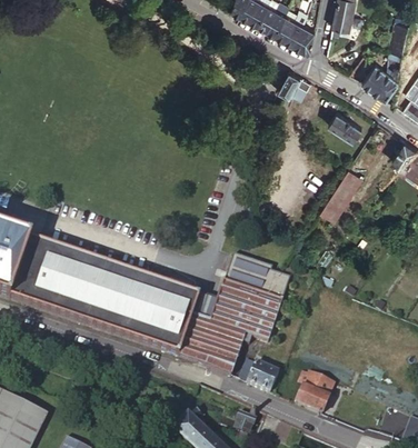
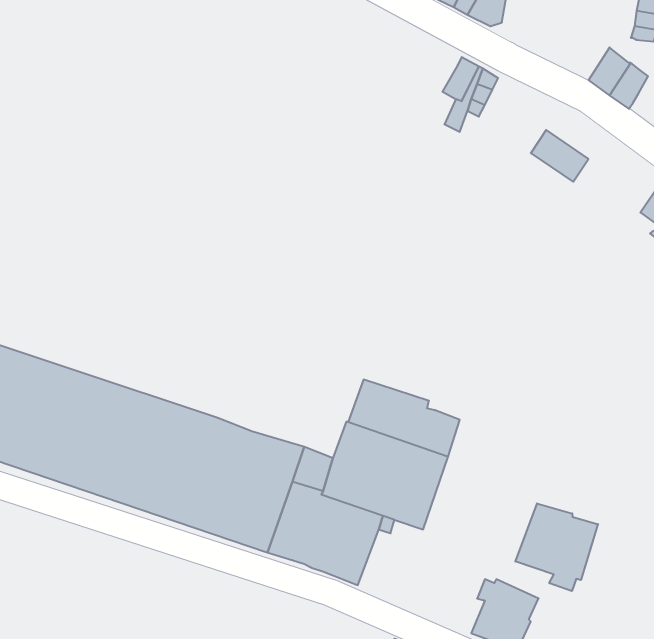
building: [320,168,361,219] -> none
building: none -> [515,503,598,591]
building: [236,356,278,390] -> none

